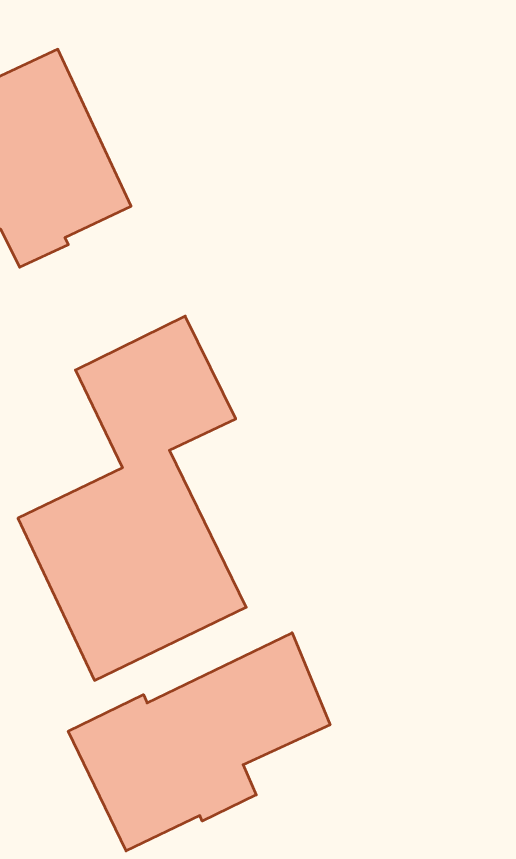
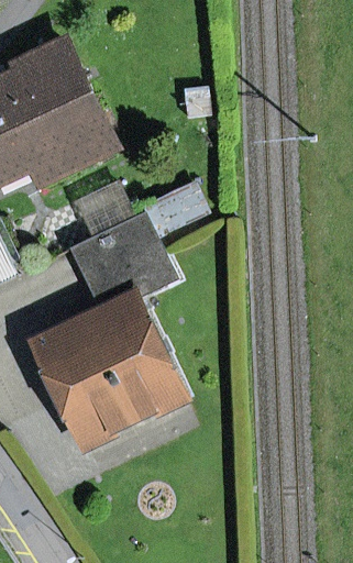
building: [68,633,330,851] -> none

